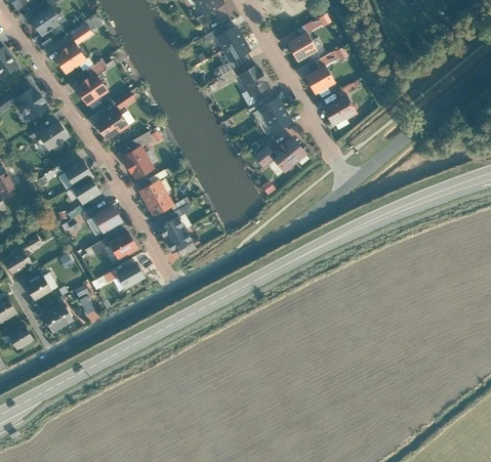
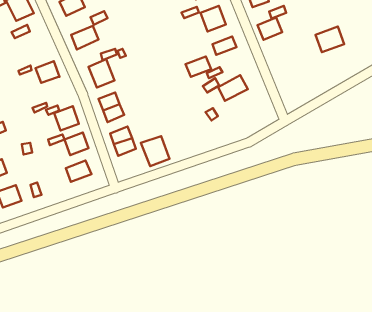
building: [321,94,355,126] -> [316,27,344,52]
building: [263,108,293,133] -> [186,57,211,77]
building: [40,123,70,151] -> none
building: [71,175,99,203] -> none
building: none -> [141,136,169,166]

